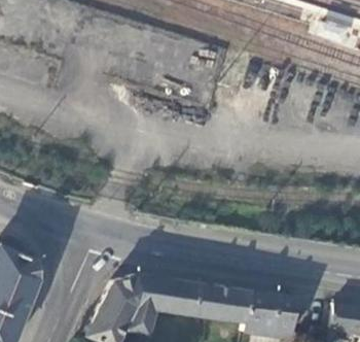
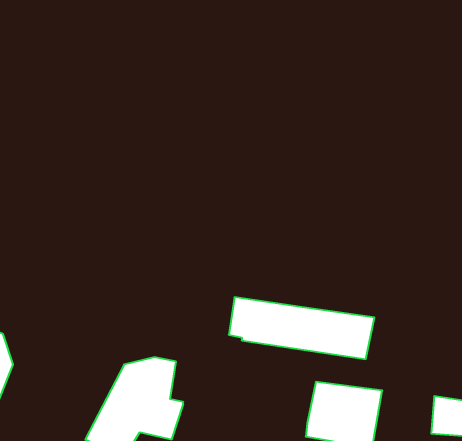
building: [147,277,251,321] -> [229,297,374,359]

